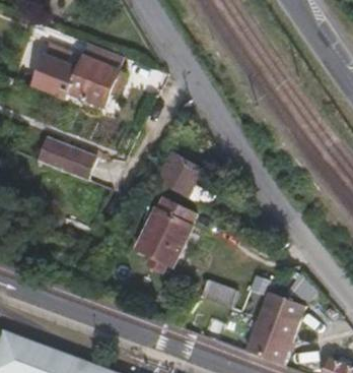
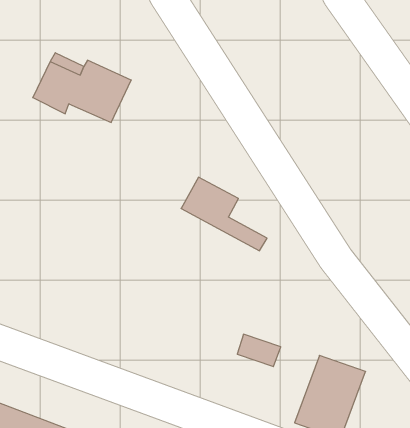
building: [38,137,97,181] -> none
building: [134,195,193,267] -> none

